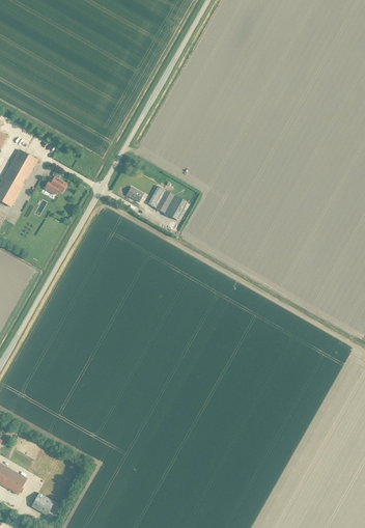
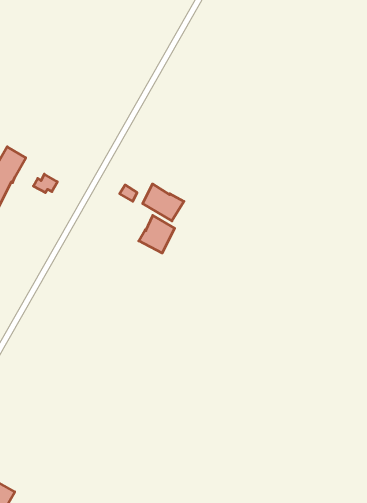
building: none -> [139,215,175,253]

